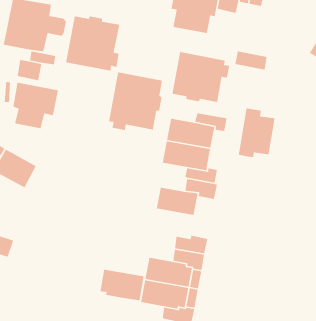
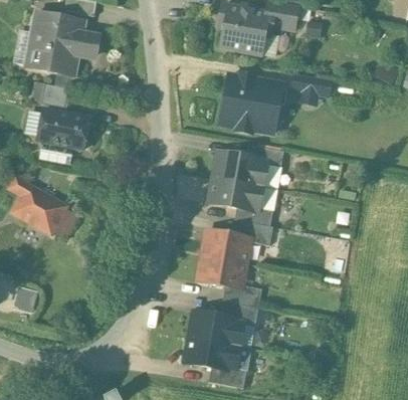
building: [65,16,120,71] -> none
building: [108,71,163,131] -> none
building: [238,107,276,158] -> none
building: none -> [197,254,245,288]
building: [99,269,144,301] -> none

